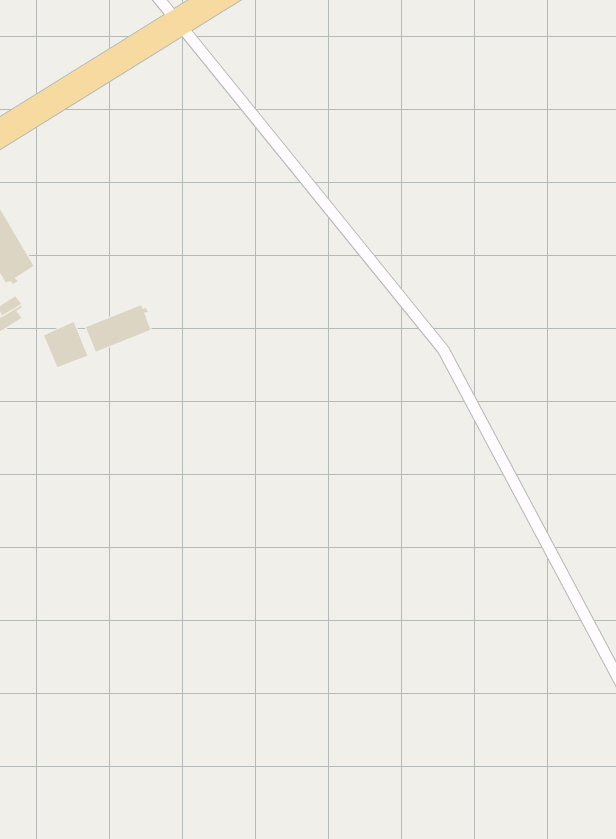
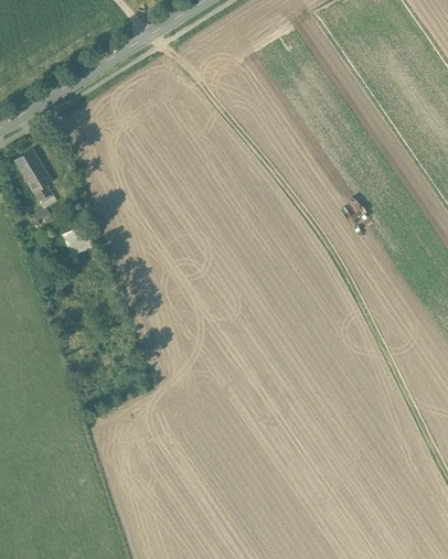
building: [85,305,151,352] -> none

